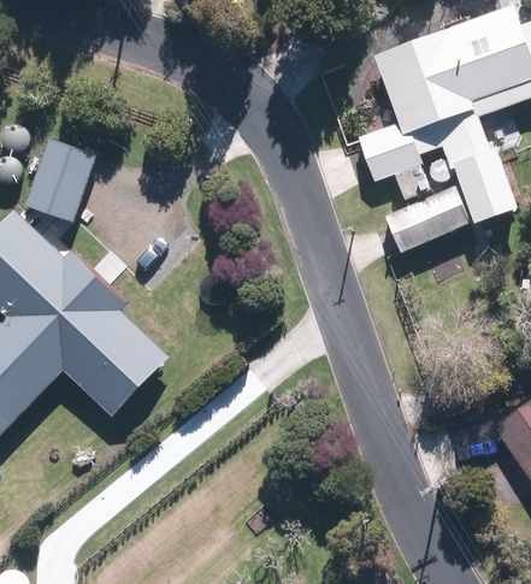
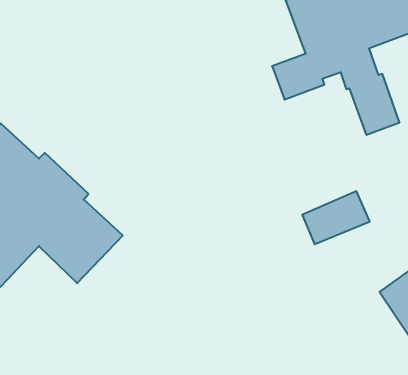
building: [25,138,96,223] -> none
building: [385,185,471,253] -> [302,191,370,244]

